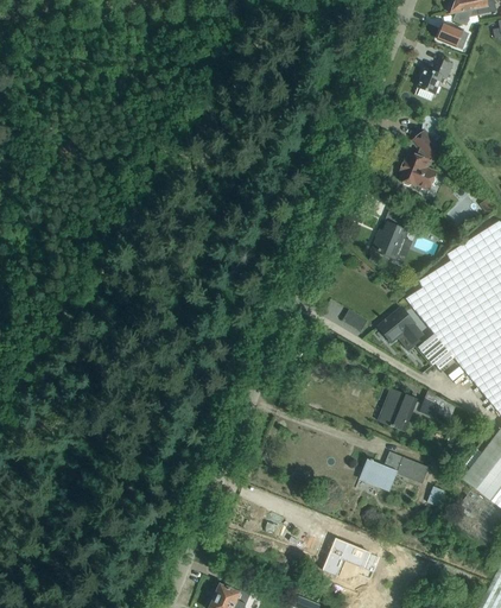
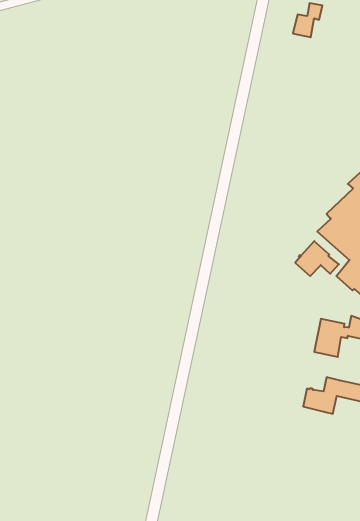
building: [399,120,443,190] -> none
building: [372,218,414,258] -> none
building: [322,543,380,582] -> none

